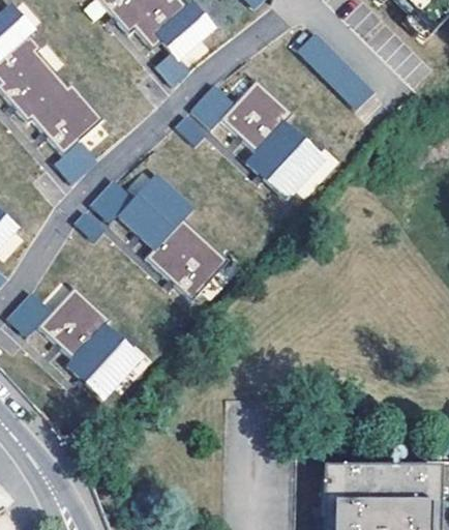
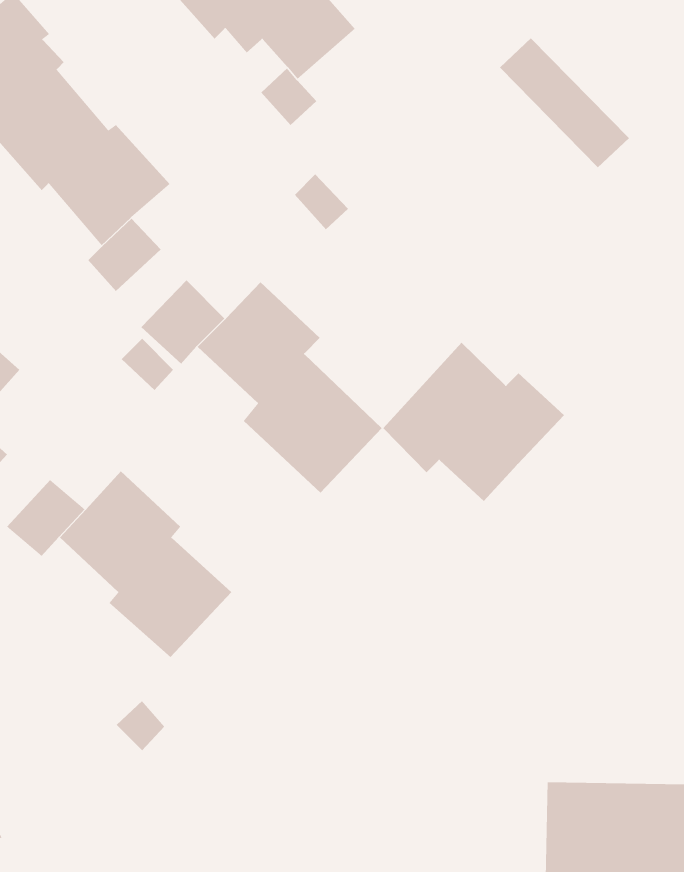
building: [191,78,322,199] -> none
building: none -> [382,342,565,502]

